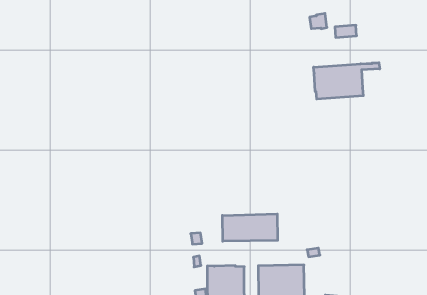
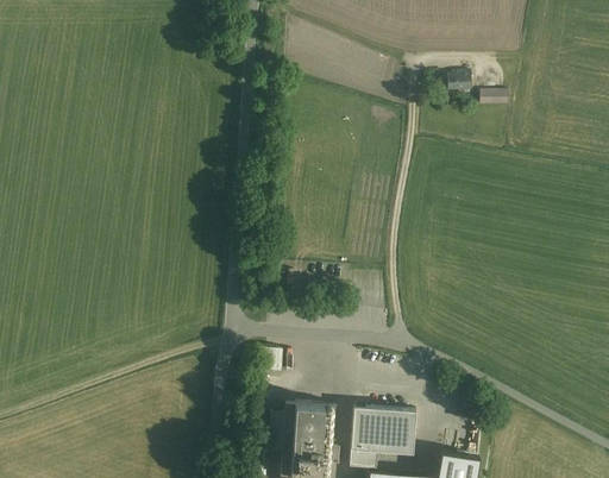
building: [314,63,380,99] -> none
building: [222,214,278,241] -> none

